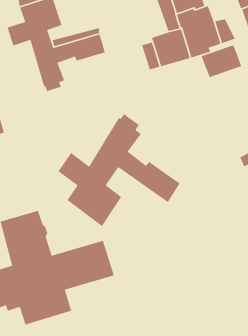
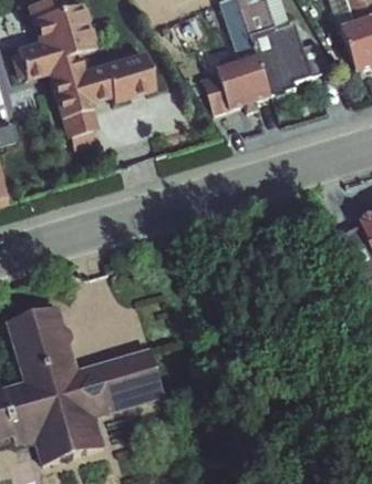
building: [200,44,242,78] -> none
building: [58,113,181,227] -> none

